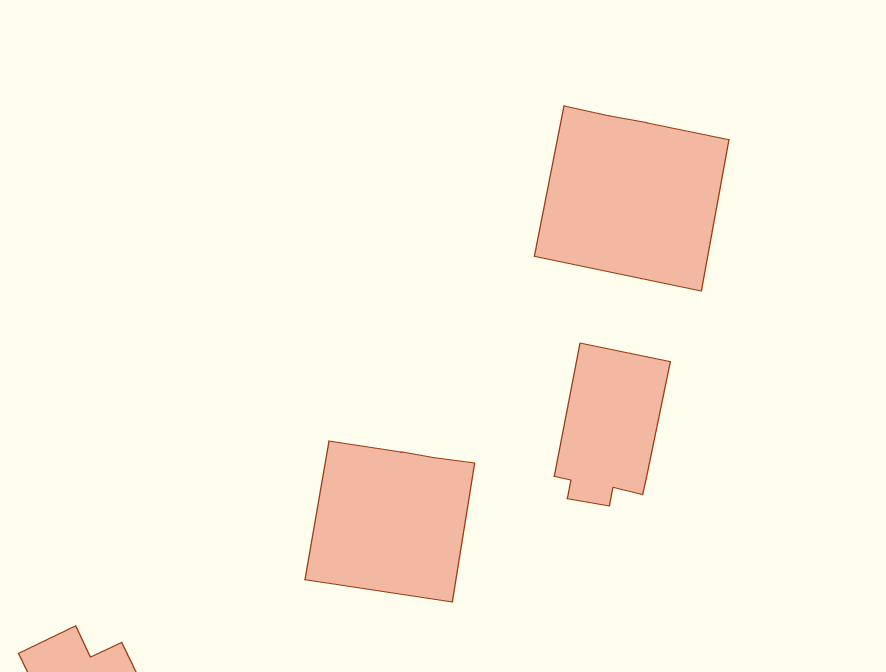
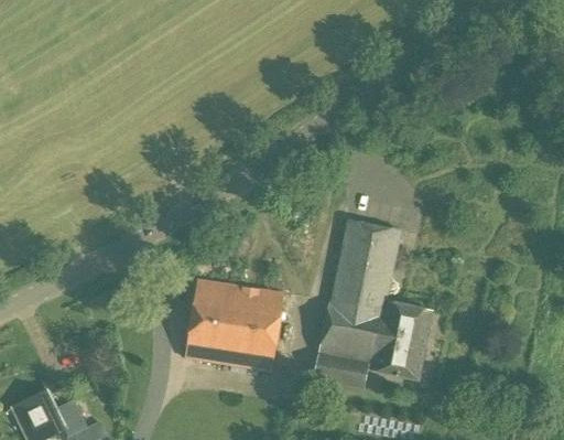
building: [534,106,729,291] -> none
building: none -> [315,299,433,386]

